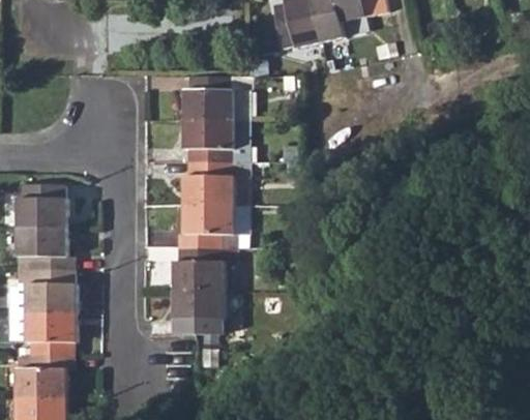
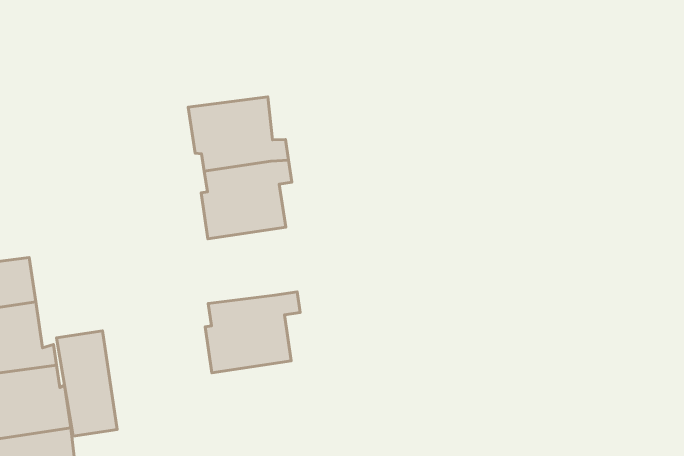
building: [183,76,244,119] -> none
building: [177,204,236,246] -> none
building: none -> [57,331,117,436]
building: [173,290,225,334] -> none

